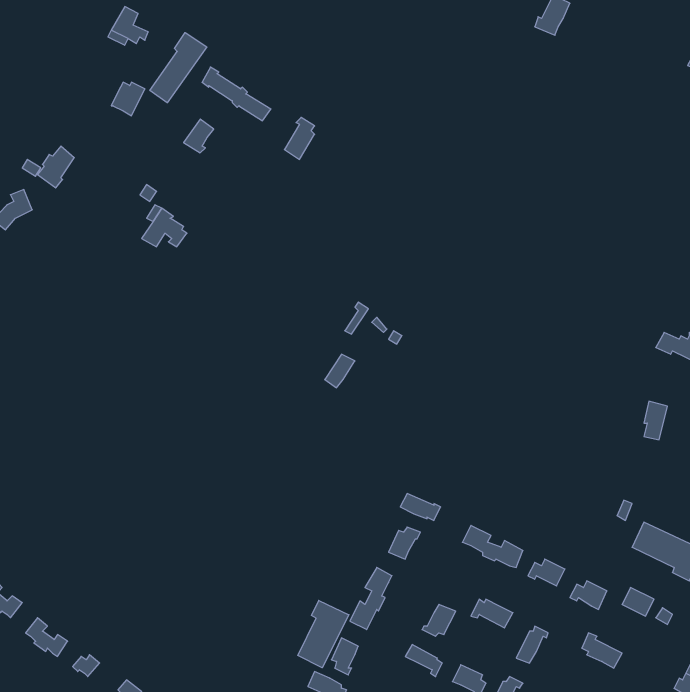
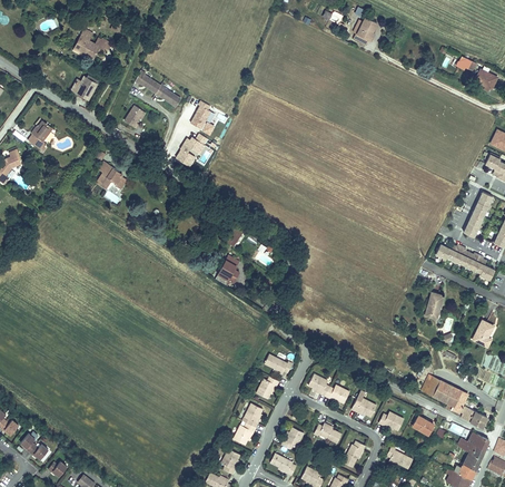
building: [150,33,207,103] -> none
building: none -> [176,135,208,167]
building: [298,600,349,668] -> none

